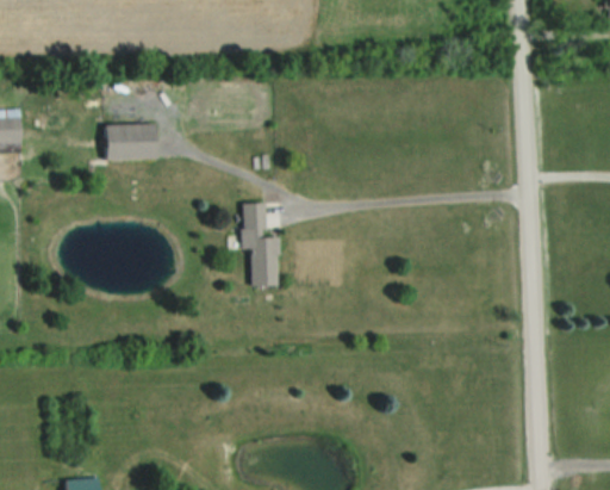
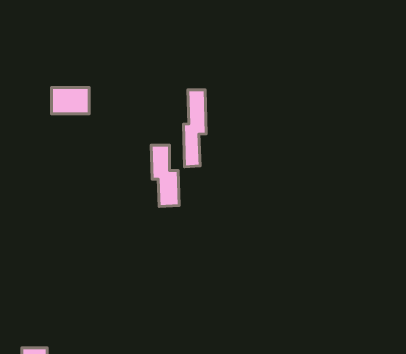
building: none -> [183,90,206,167]

